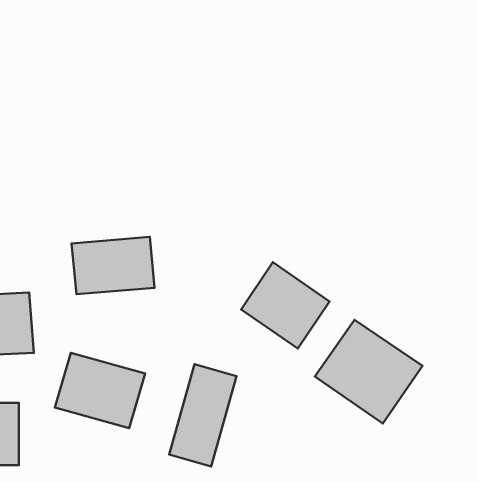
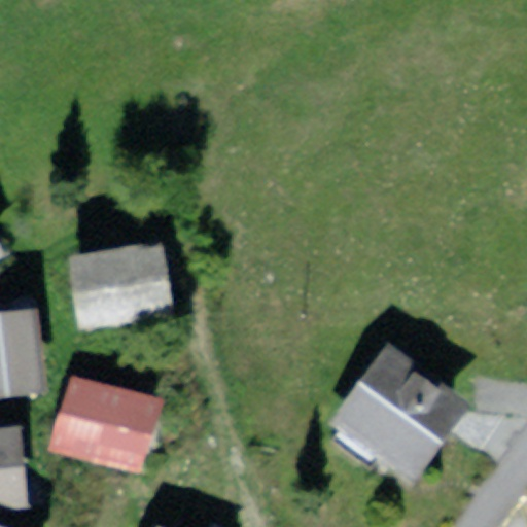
building: [241,262,330,348] -> none
building: [169,364,236,467] -> none

